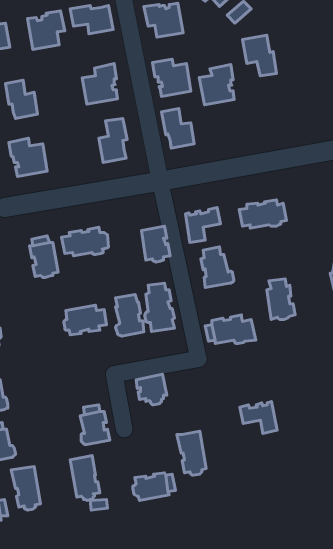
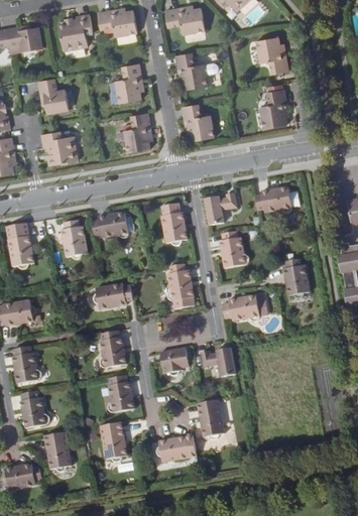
building: [199,64,234,105] -> [255,90,287,127]
building: [115,295,144,336] -> [100,330,126,368]
building: [240,402,277,433] -> [202,348,236,377]

